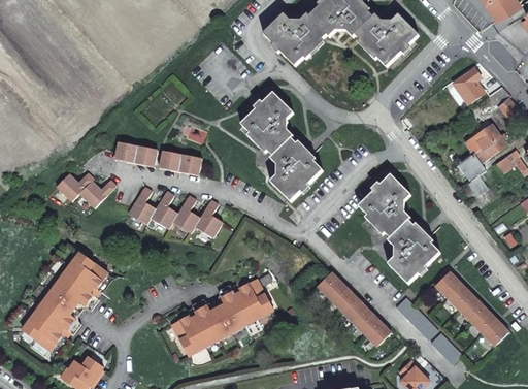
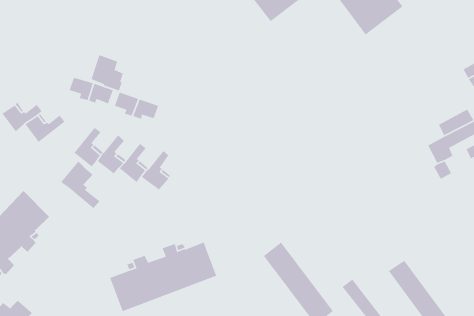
building: [450,67,481,103] -> none
building: [239,91,322,201] -> none
building: none -> [91,54,124,92]
building: [357,173,438,284] -> none
building: none -> [60,160,101,209]

